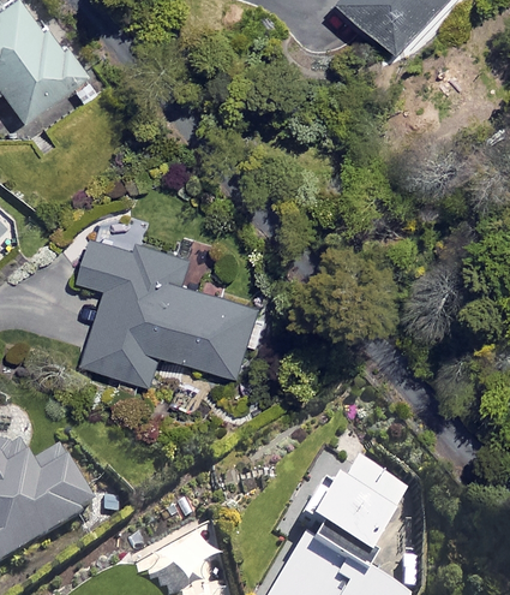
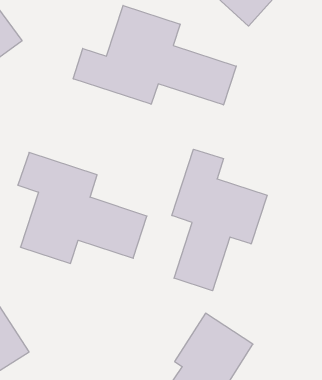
building: none -> [73,5,236,105]
building: none -> [172,149,267,291]

